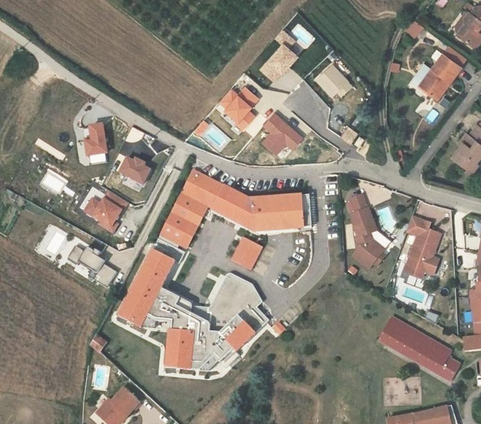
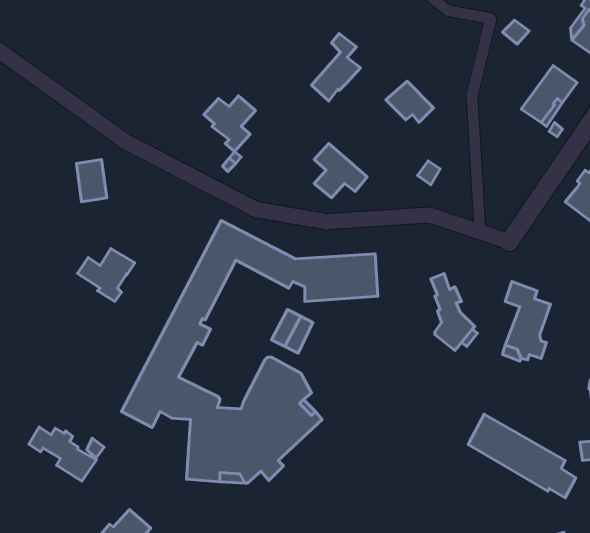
building: [218,86,257,128] -> [204,96,256,152]
building: [119,157,150,184] -> none
building: [349,193,390,250] -> none
building: [67,245,118,286] -> [29,427,96,481]

